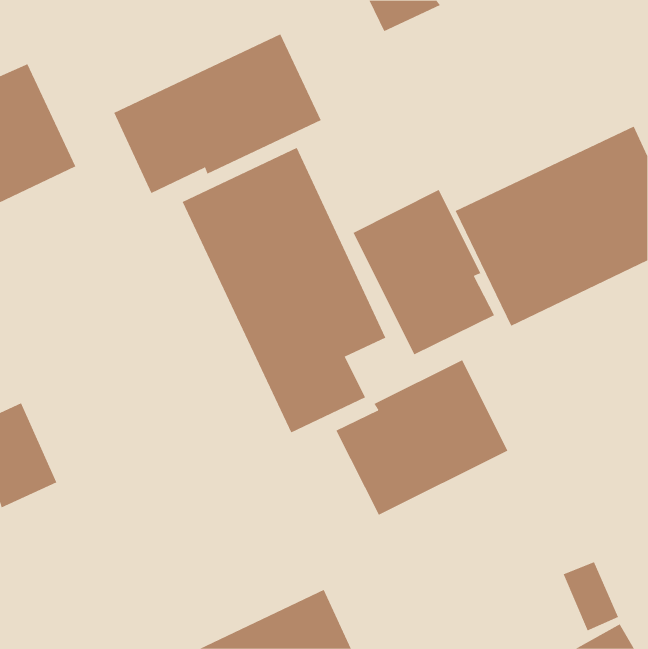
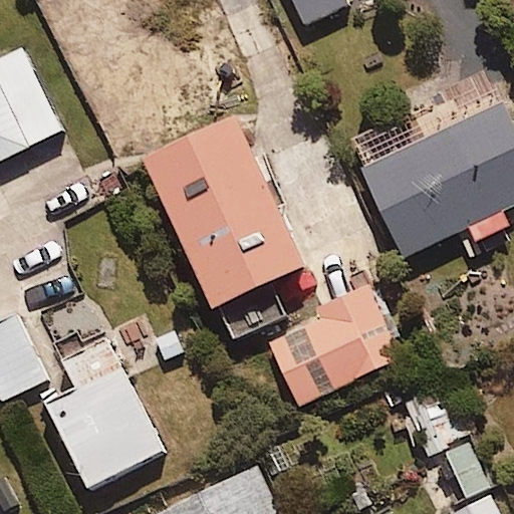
building: [114,34,322,194] -> none
building: [353,189,495,355] -> none
building: none -> [31,294,162,489]

